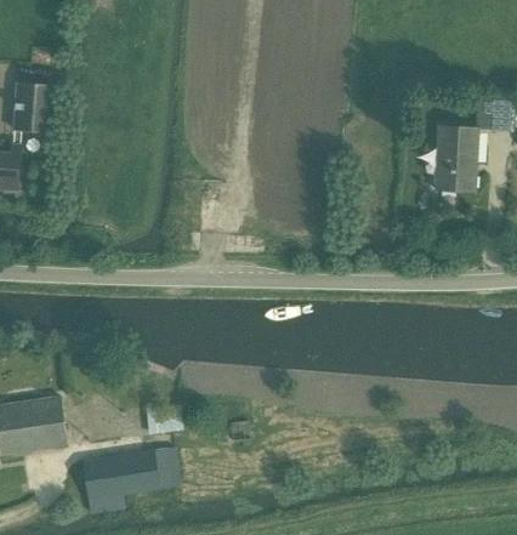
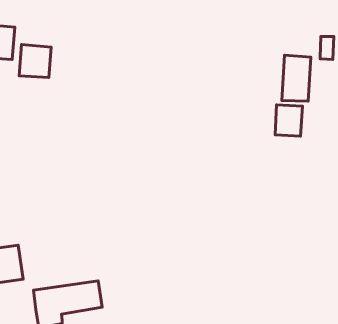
building: none -> [19,44,51,77]
building: none -> [275,105,302,136]

